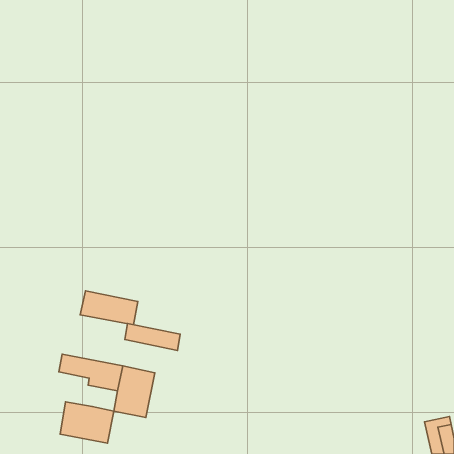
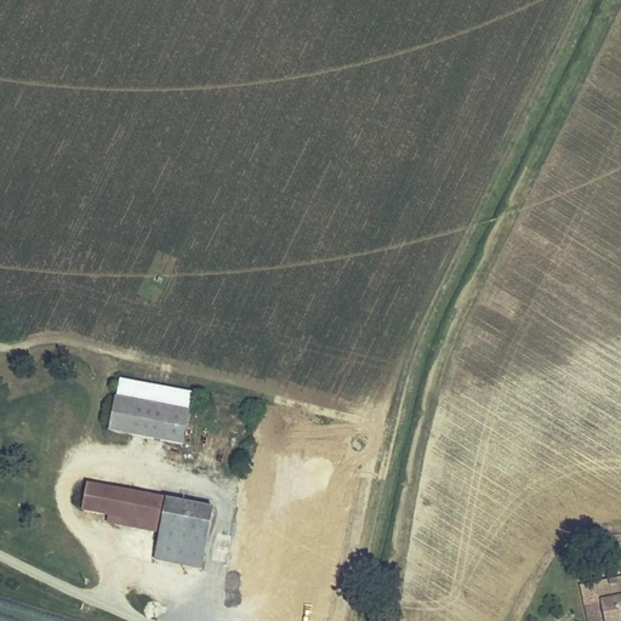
building: [125,324,180,350] -> [116,374,192,410]
building: [60,402,114,443] -> none

